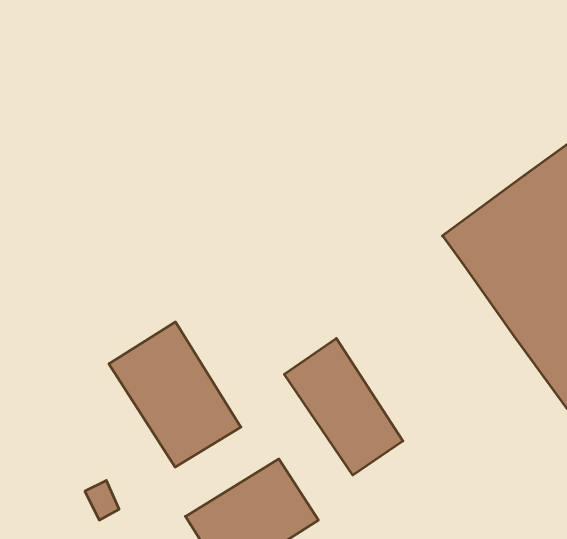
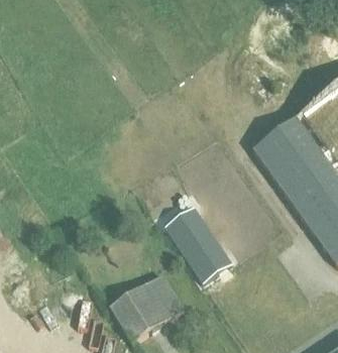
building: [109,322,241,467] -> none

